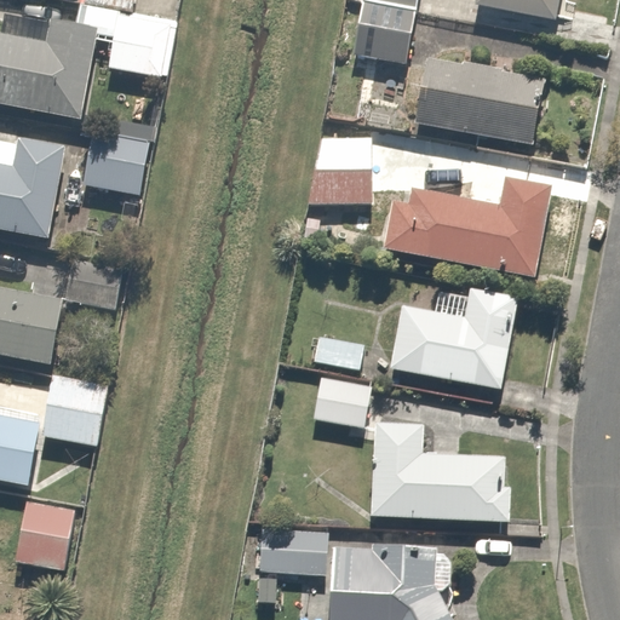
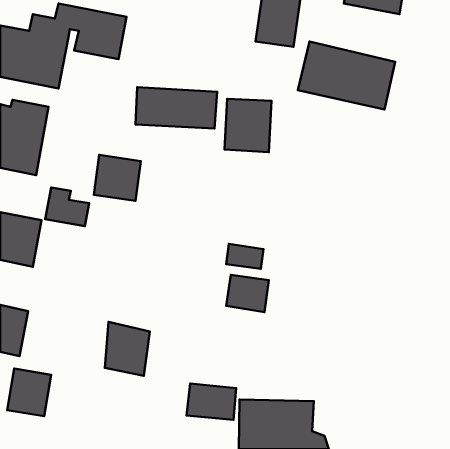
building: none -> [135,87,217,129]
building: [84,131,148,194] -> [94,155,141,201]
building: [379,162,533,270] -> none
building: [389,289,516,388] -> none
building: [45,373,107,447] -> [105,322,150,376]
building: [371,423,510,519] -> none

